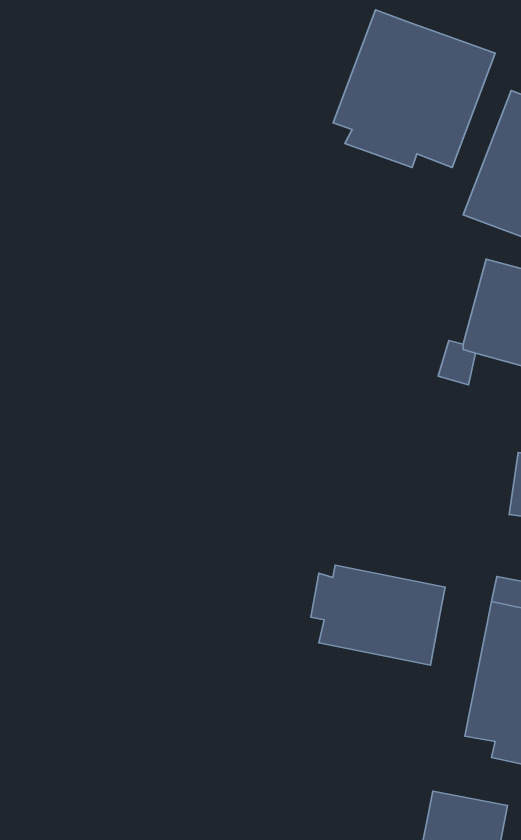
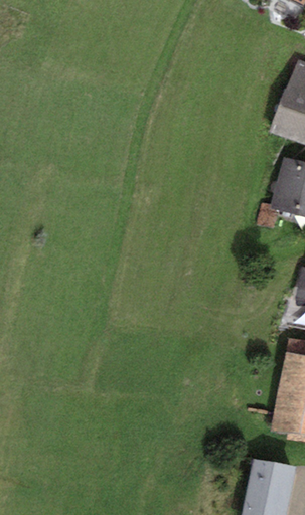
building: [333,10,495,168] -> none
building: [311,565,445,665] -> none

